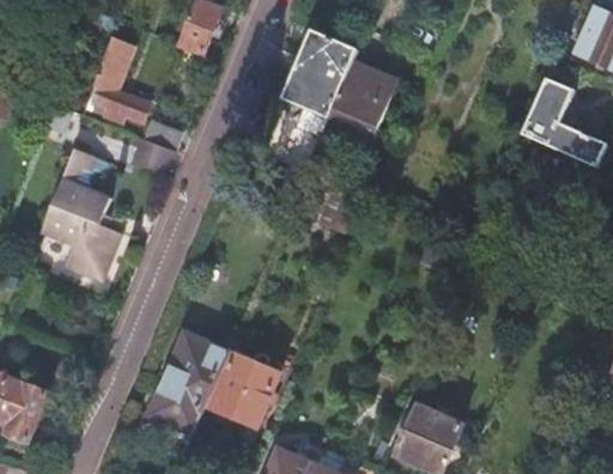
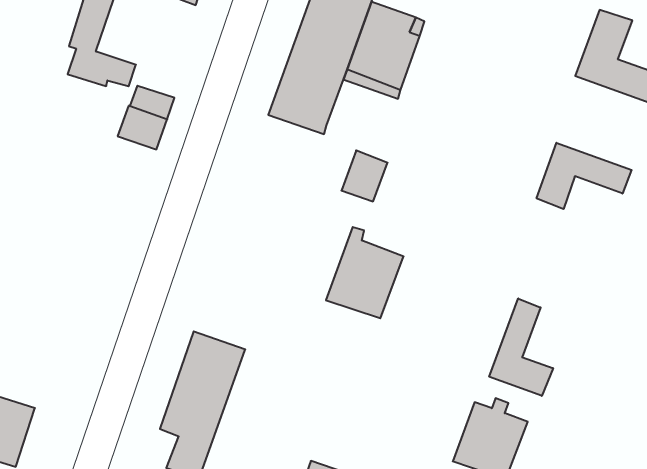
building: [40,148,119,280] -> none
building: none -> [537,143,632,209]
building: none -> [489,298,553,396]
building: [211,346,279,425] -> [326,227,404,318]

